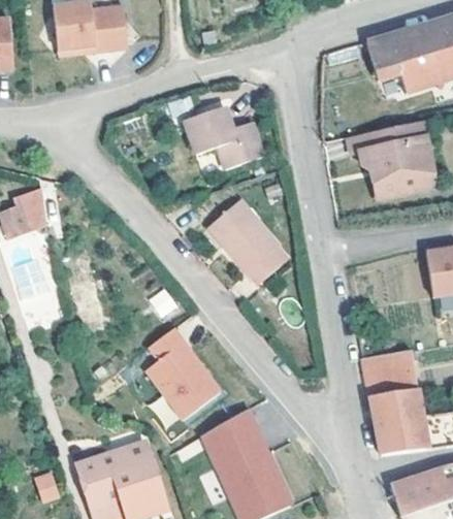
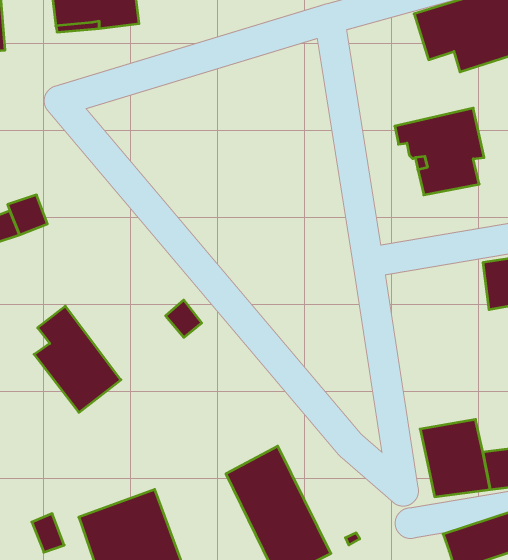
building: [186,105,263,166] -> none
building: [201,196,277,279] -> none
building: [150,331,224,422] -> [34,306,121,412]
building: [361,349,417,395] -> none

